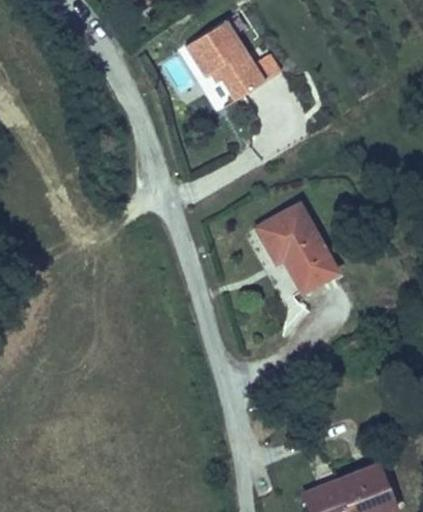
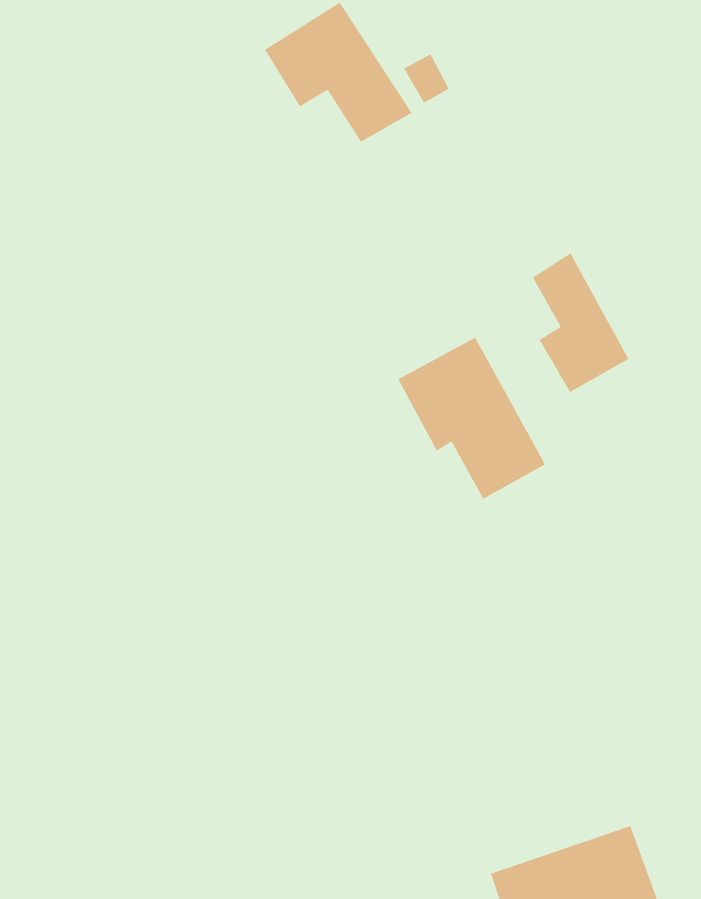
building: none -> [532,253,629,393]

